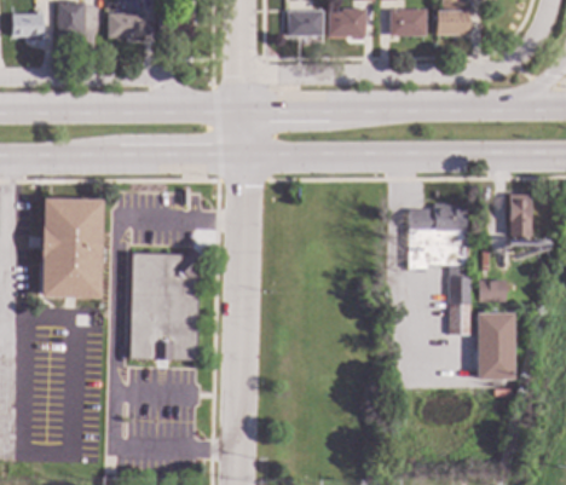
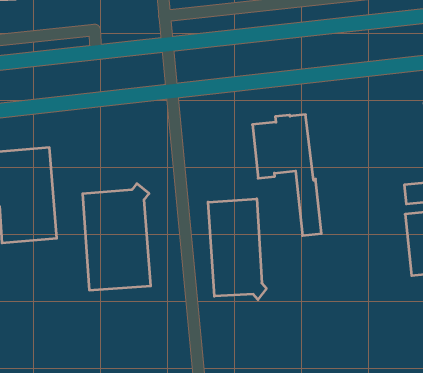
building: [409,204,470,335] -> [252,115,321,236]
building: none -> [208,199,266,300]

